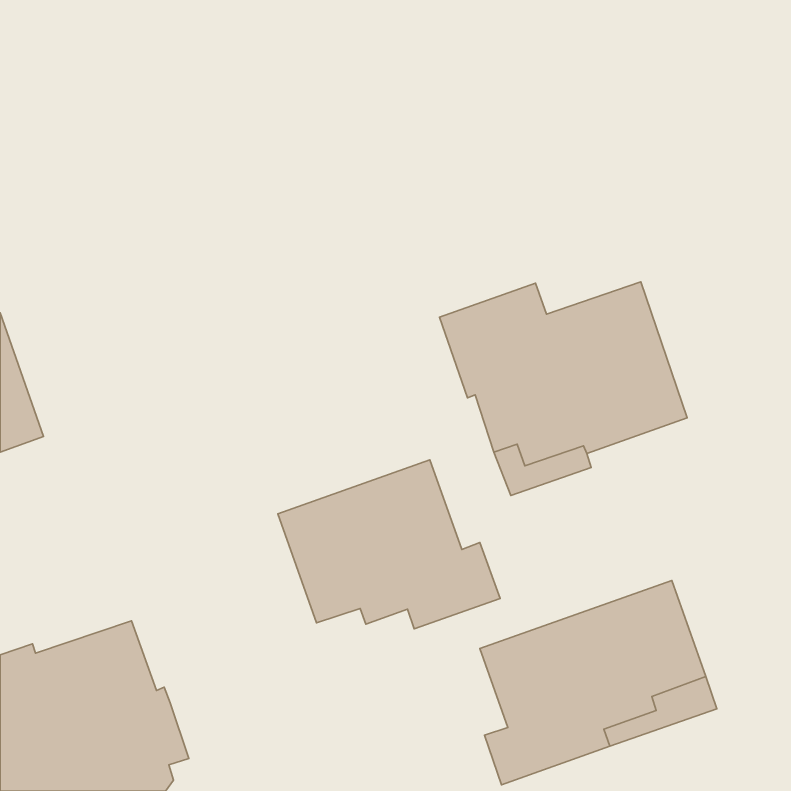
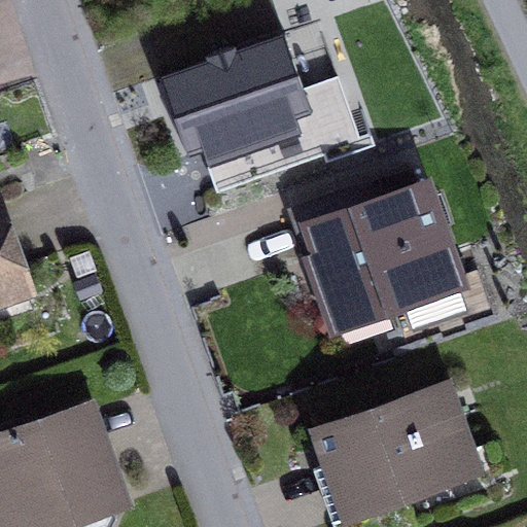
building: none -> [162,35,363,185]
building: [278,460,500,629] -> none

